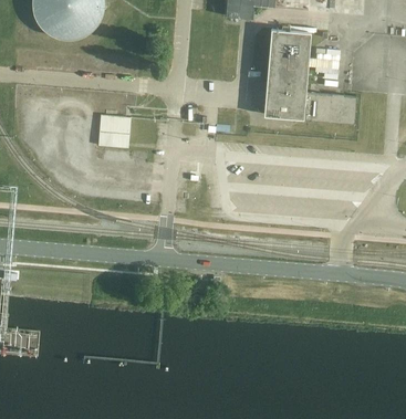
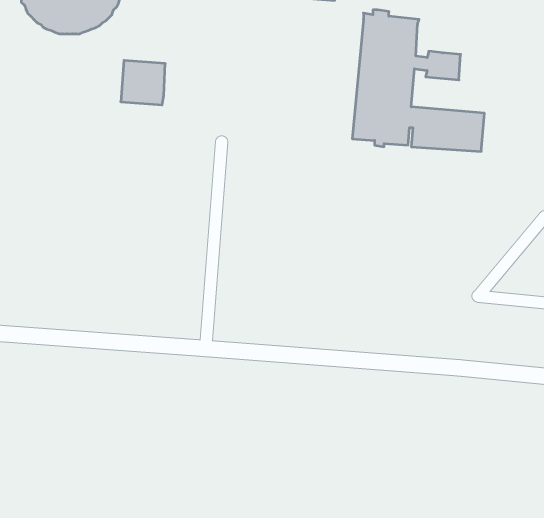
building: [95,115,126,146] -> [121,60,165,105]

